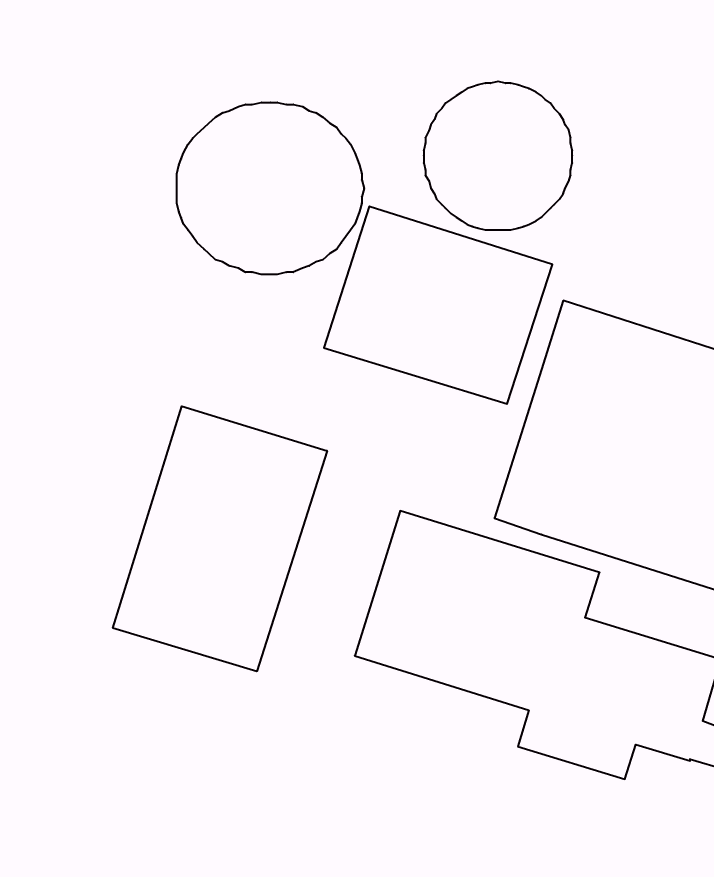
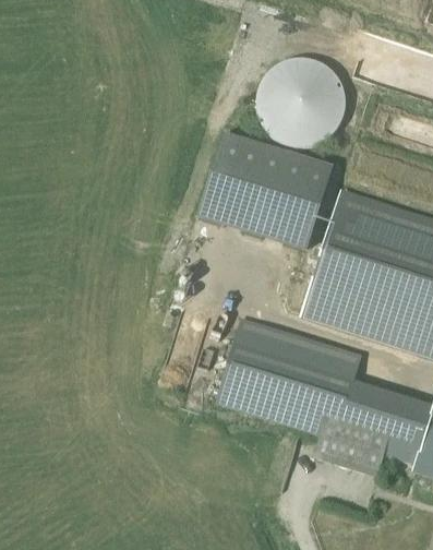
building: [177,102,364,274] -> none
building: [113,406,327,671] -> none

